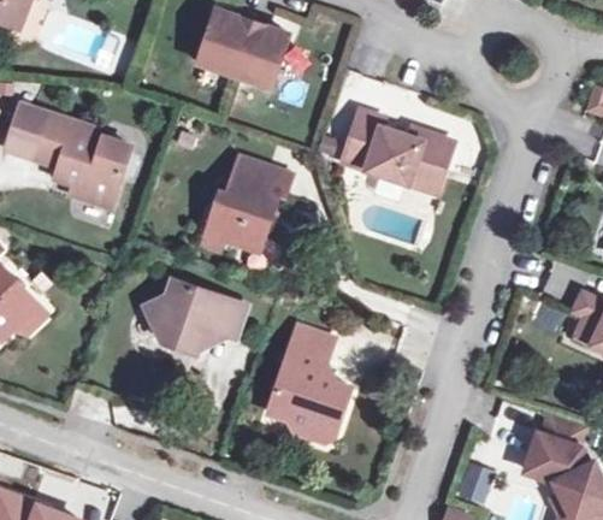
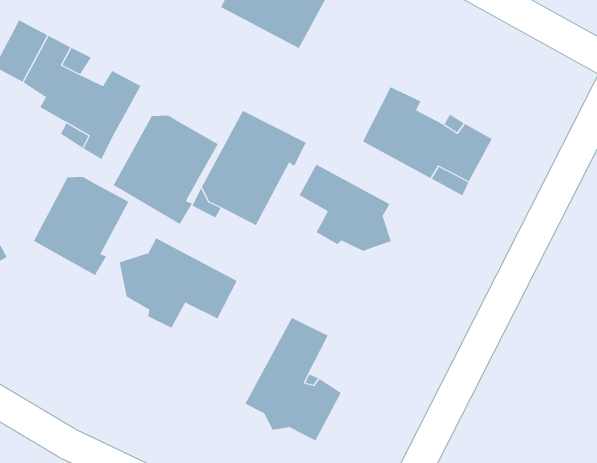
building: none -> [113,115,218,225]
building: none -> [299,164,392,252]
building: none -> [33,176,129,276]

